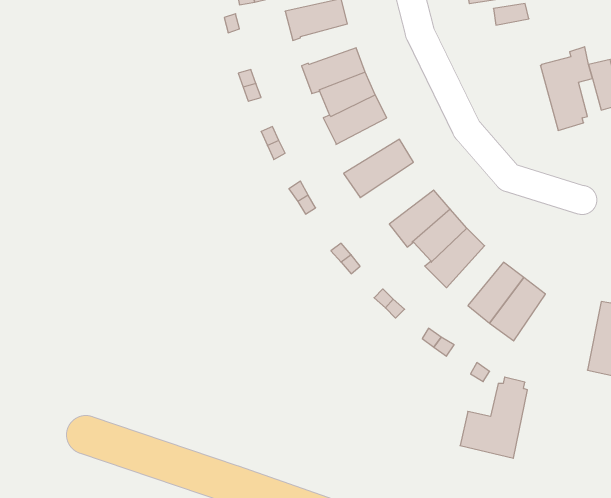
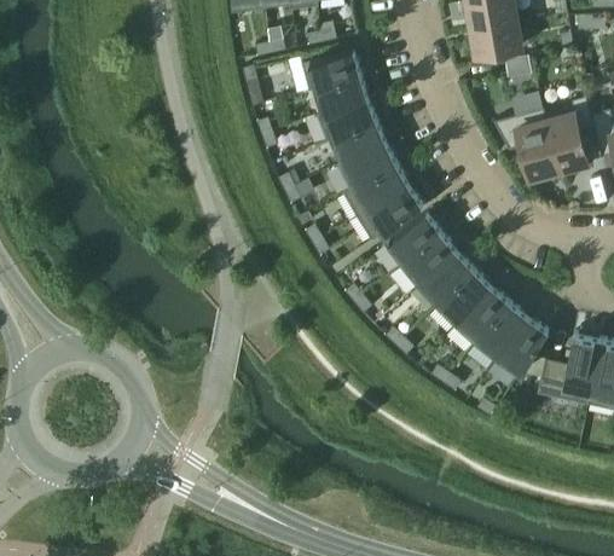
building: none -> [315,75,369,114]
building: none -> [494,109,561,183]
building: none -> [342,164,410,218]
building: none -> [383,212,442,266]
building: none -> [454,286,509,343]
building: [460,377,527,458] -> [538,328,602,405]

